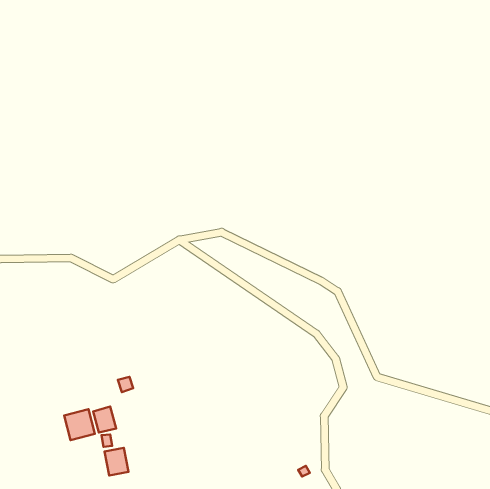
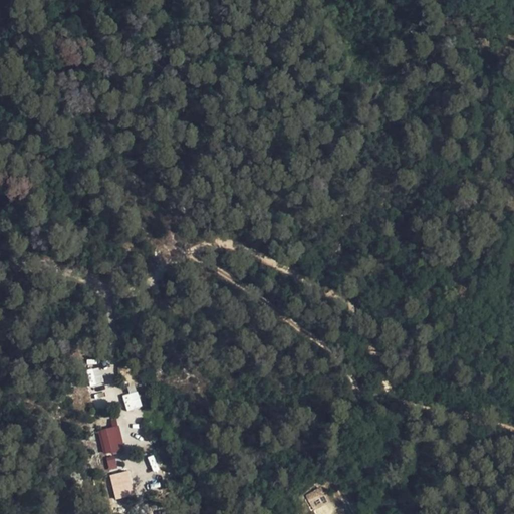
building: [64,409,95,440] -> none

